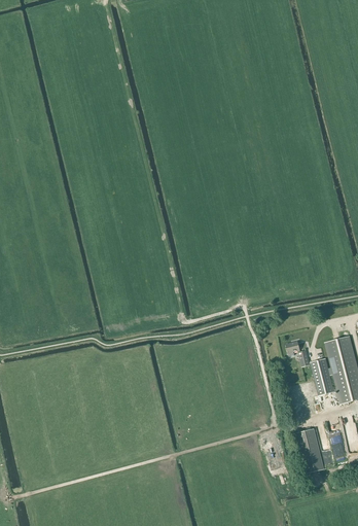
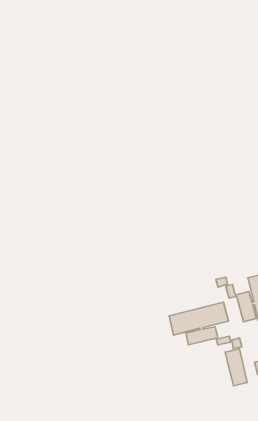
building: none -> [169,302,242,348]

